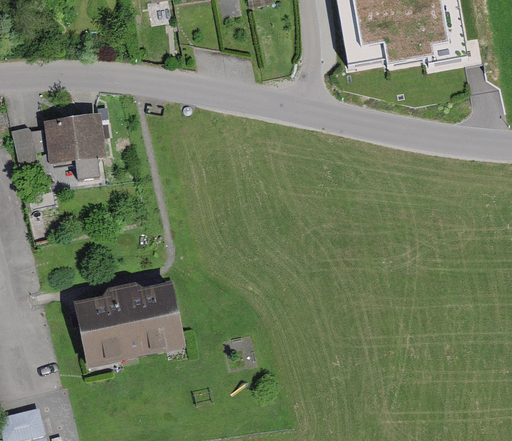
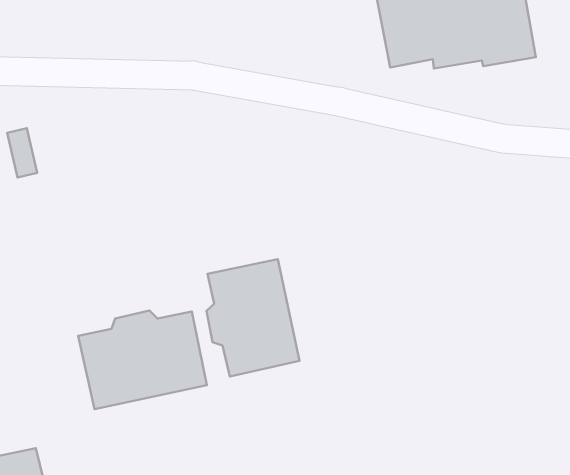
building: [44,112,105,178] -> none
building: none -> [206,259,300,377]

